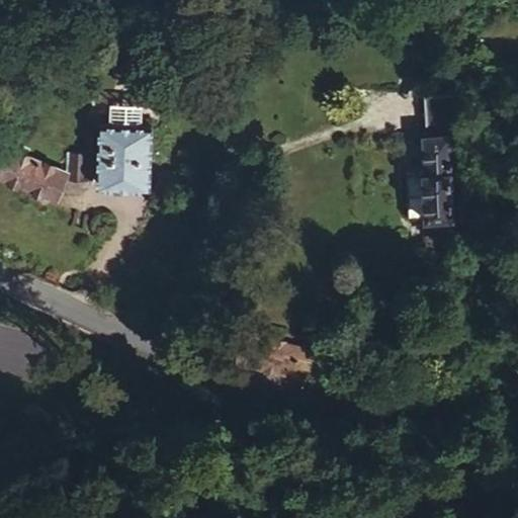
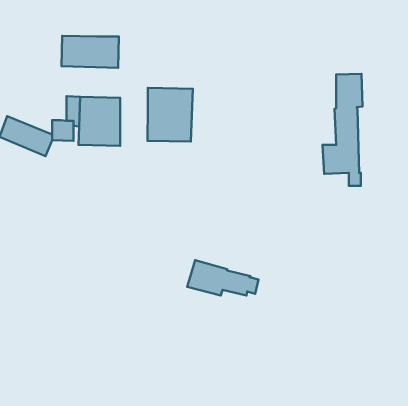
building: none -> [62,36,119,68]
building: none -> [148,88,193,142]

